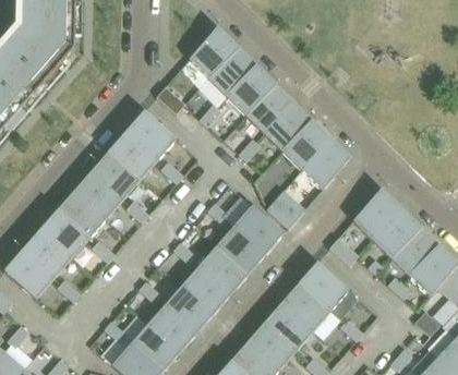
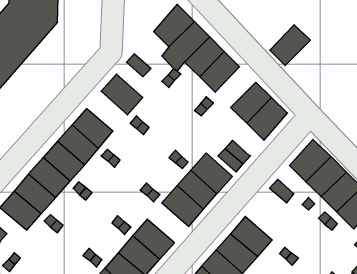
building: [263,101,312,150] -> [270,25,310,66]
building: [108,131,157,179] -> none
building: [299,262,349,310] -> none
building: [181,265,231,313] -> none

